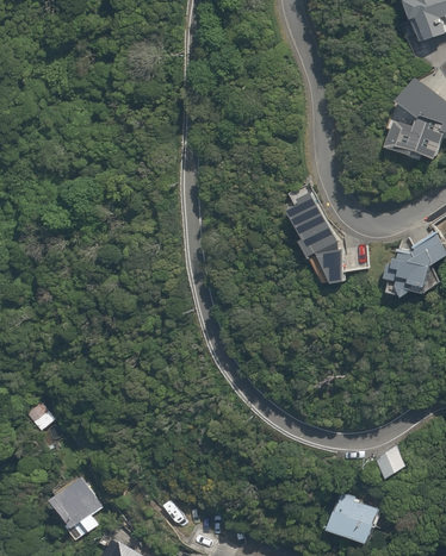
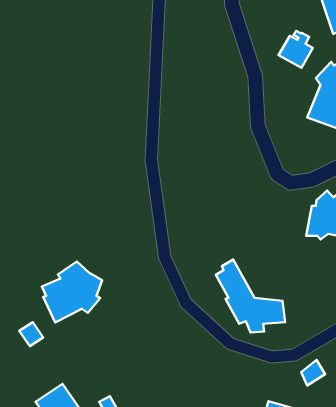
building: none -> [279,31,313,68]
building: [285,192,371,282] -> [216,260,285,333]
building: none -> [42,261,102,322]

